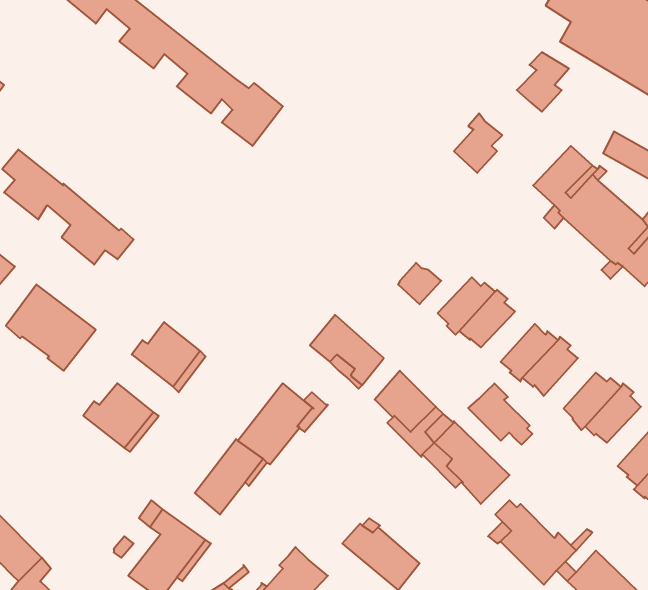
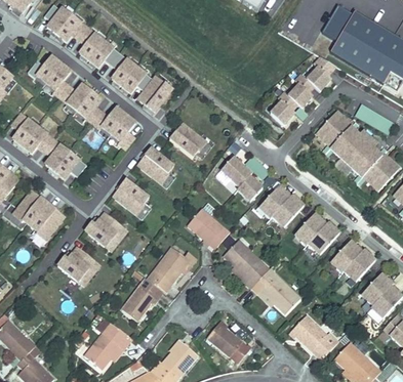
building: none -> [27,55,135,148]
building: none -> [286,74,313,109]
building: none -> [169,121,206,157]
building: none -> [136,146,173,182]
building: none -> [219,157,250,187]
building: none -> [112,178,149,213]
building: [468,383,532,445] -> none

